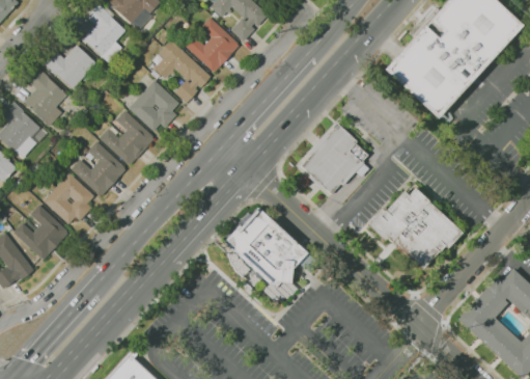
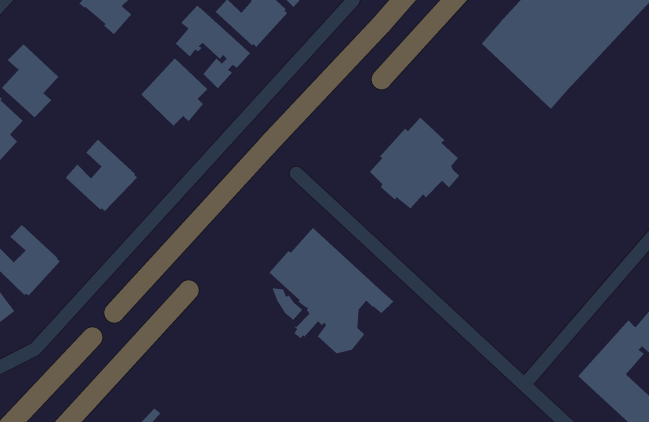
building: [45,45,96,88] -> none
building: [100,110,155,164] -> none
building: [44,172,94,224] -> none
building: [367,188,463,269] -> none

